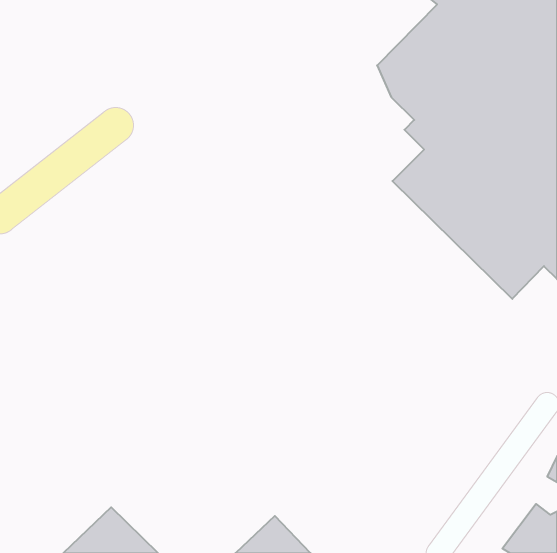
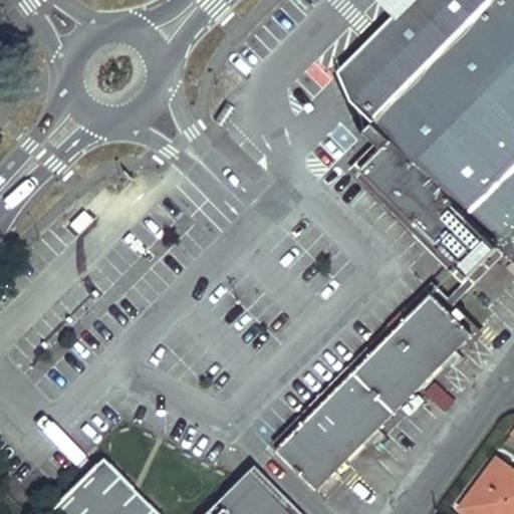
building: none -> [280,292,475,486]

